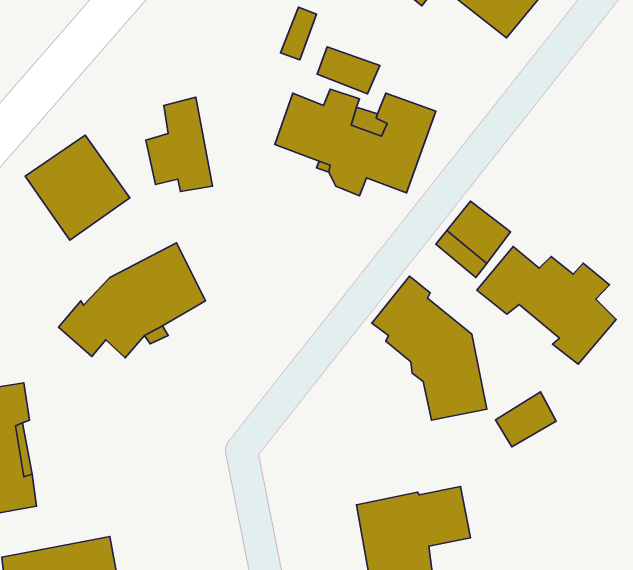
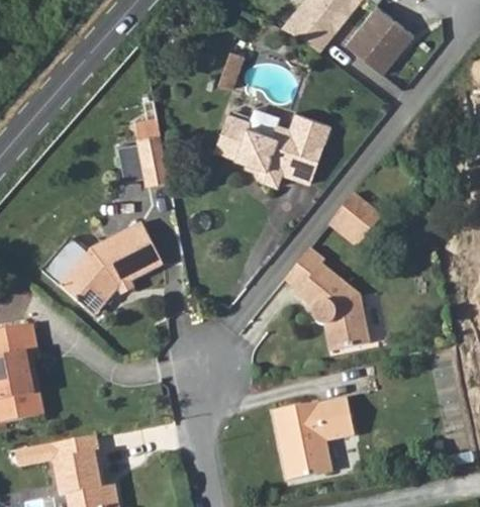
building: [317,47,380,94] -> none
building: [25,135,130,240] -> none
building: [477,246,616,364] -> none
building: [496,392,556,447] -> none

